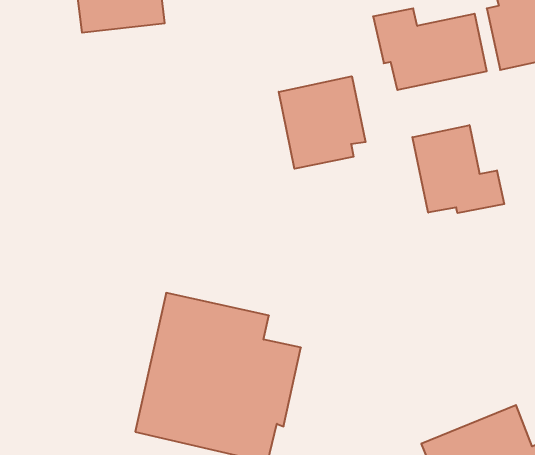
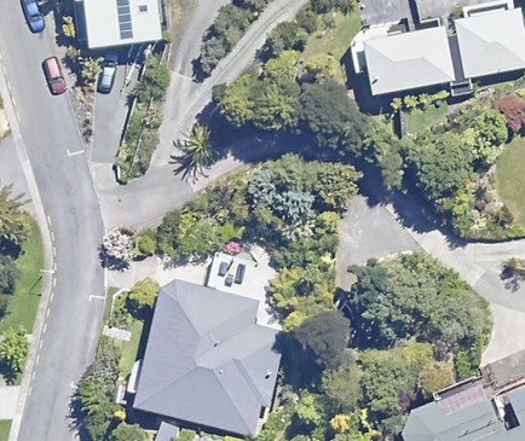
building: [279,76,366,169] -> none
building: [412,125,504,213] -> none

